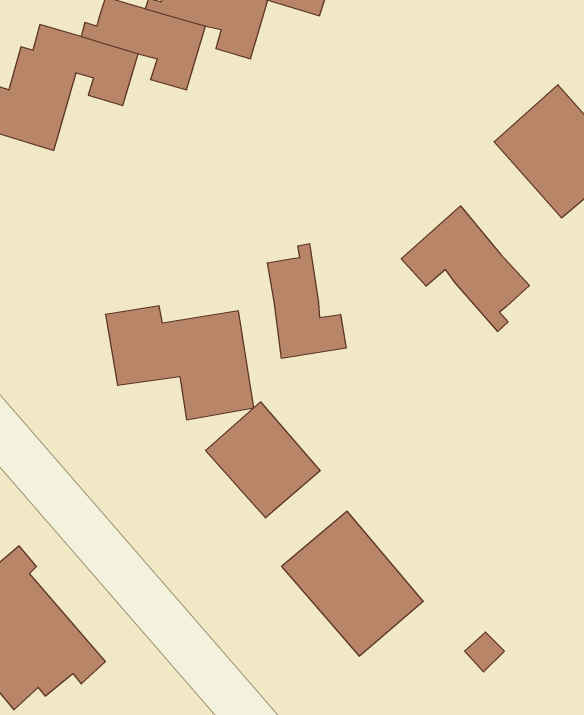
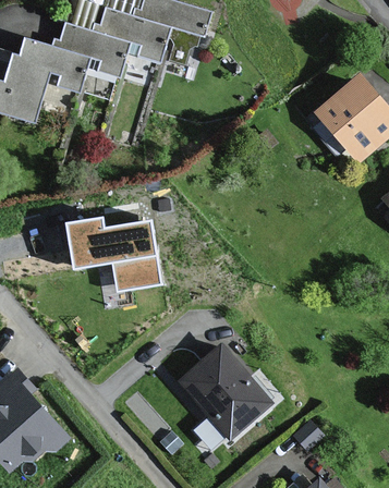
building: [401,206,529,332] -> none
building: [267,244,346,358] -> none
building: [206,402,320,518] -> none

